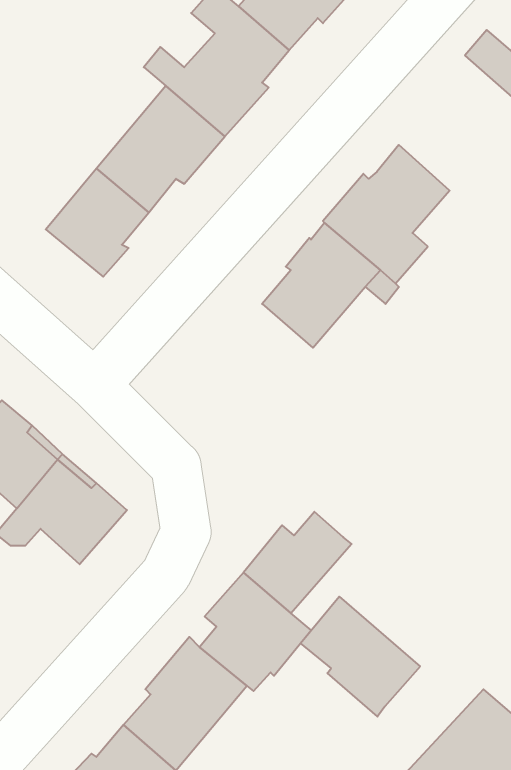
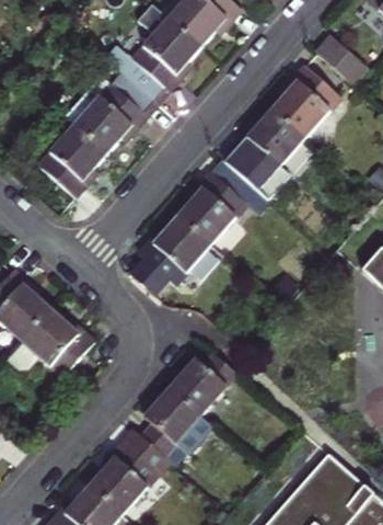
building: none -> [271,65,338,136]
building: none -> [146,209,216,277]
building: [301,597,420,717] -> none

